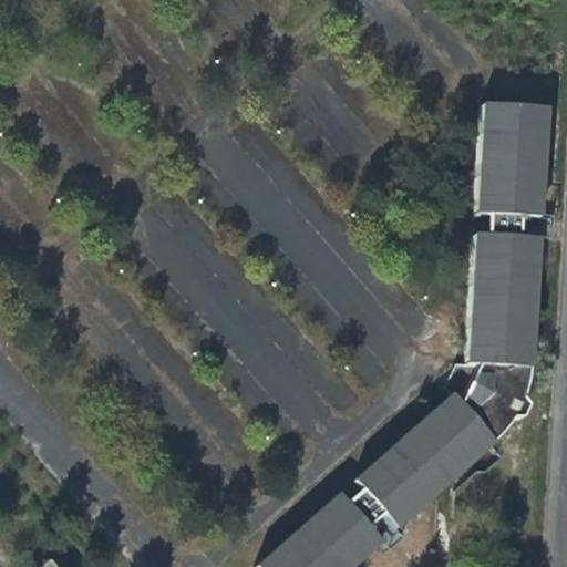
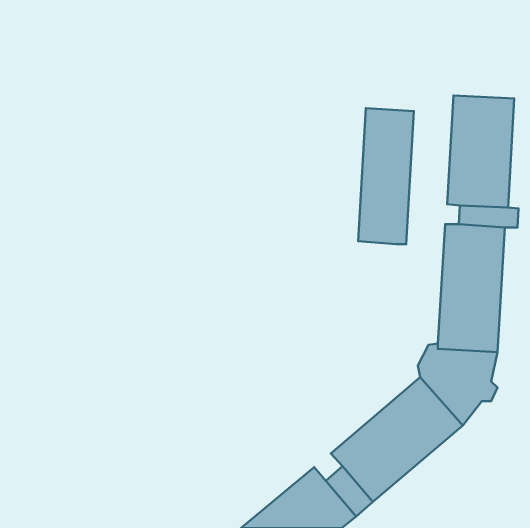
building: none -> [358,108,414,244]

